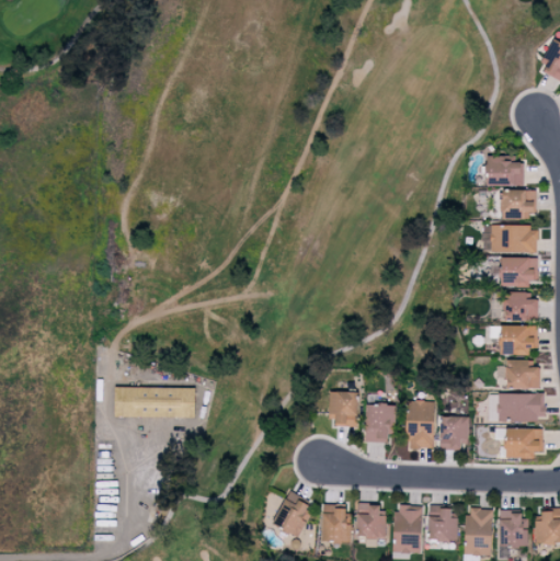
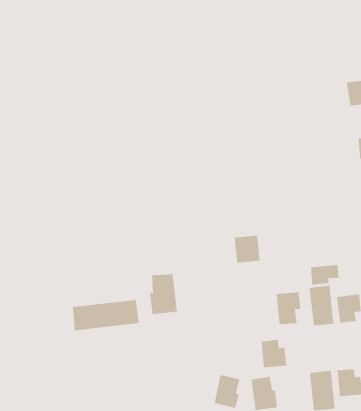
building: none -> [150,273,177,315]
building: none -> [311,264,339,285]
building: [328,391,358,424] -> [234,235,260,263]
building: [356,504,386,538] -> [261,339,287,368]

